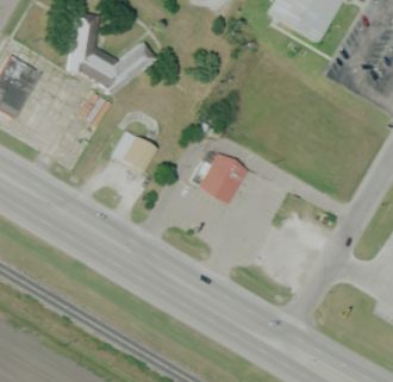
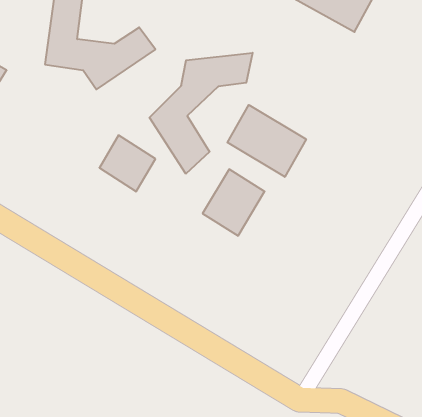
building: none -> [150,53,253,174]
building: none -> [227,105,306,177]

